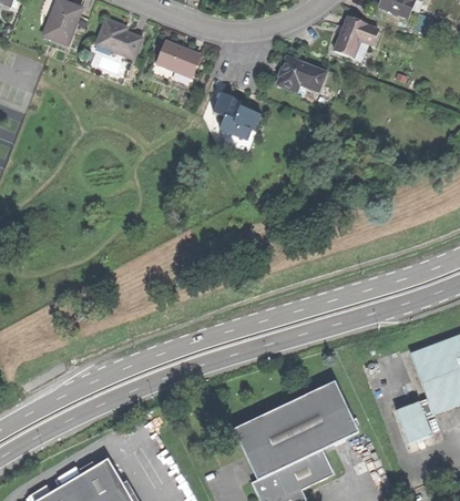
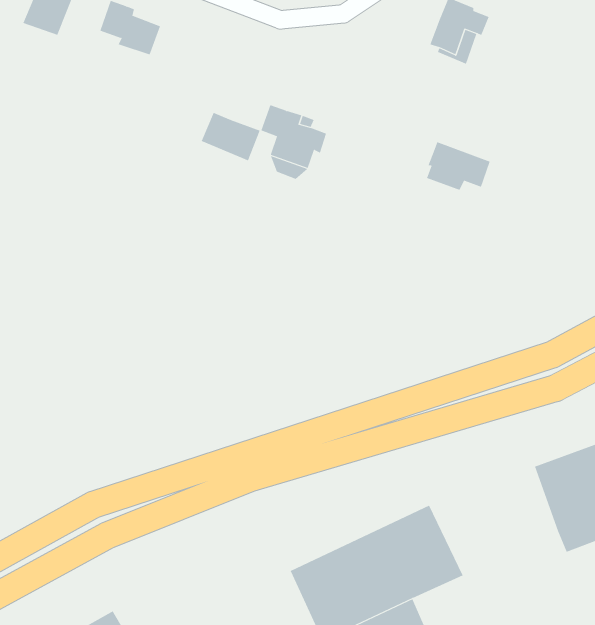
building: [155,40,198,75] -> [201,112,261,161]
building: [278,57,325,92] -> [426,141,491,191]
building: [396,400,433,446] -> none

